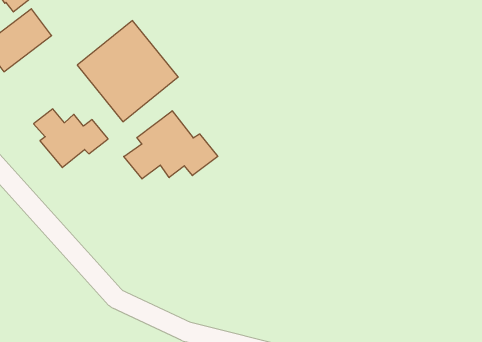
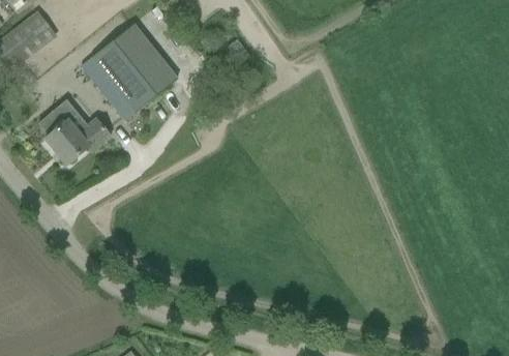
building: [124,111,218,179] -> none

